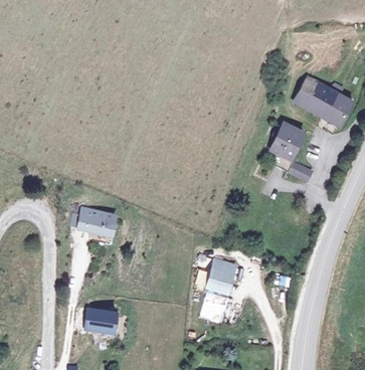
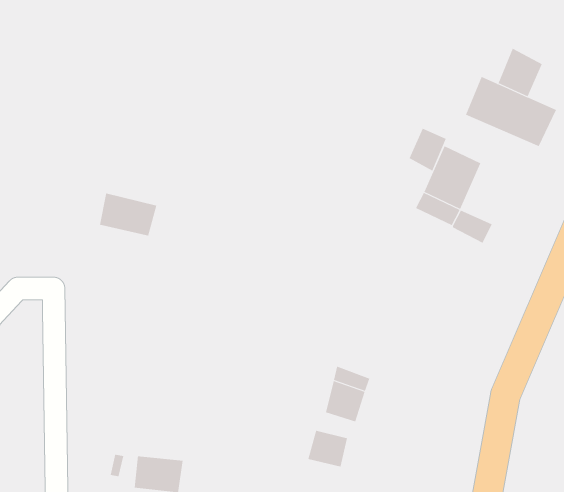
building: none -> [498,48,543,97]
building: none -> [409,128,446,171]
building: [86,209,123,236] -> [99,193,157,236]

